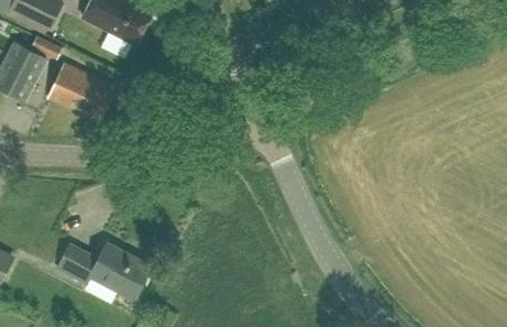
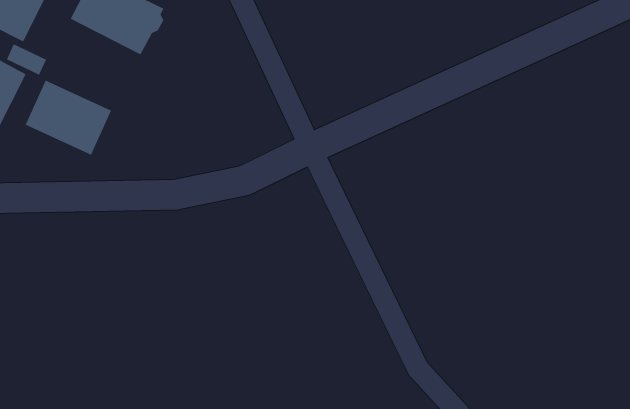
building: [56,242,150,298] -> none

